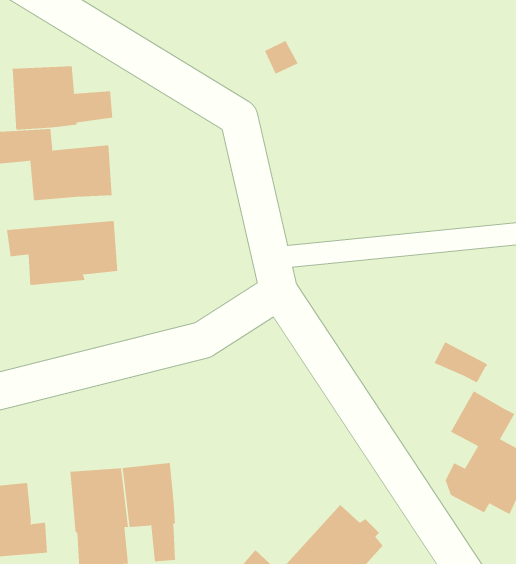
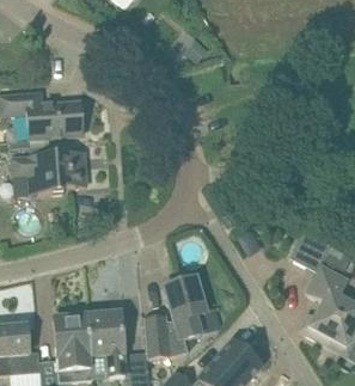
building: [12,66,113,131] -> none
building: none -> [145,275,207,357]

